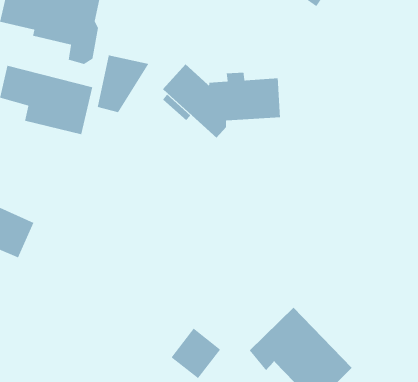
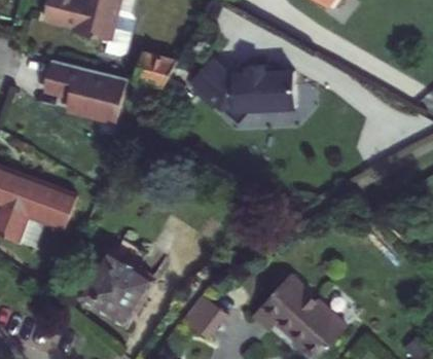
building: none -> [74,251,148,327]

